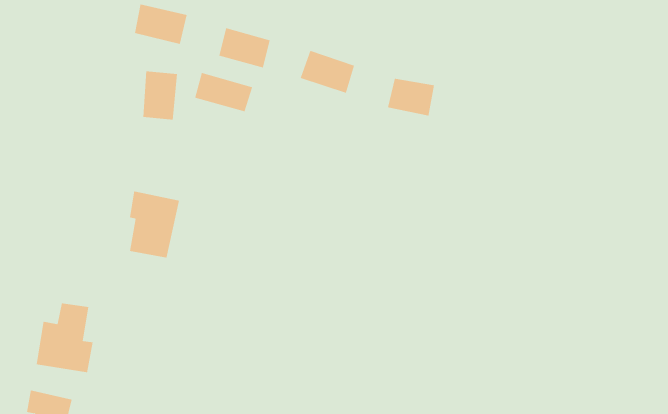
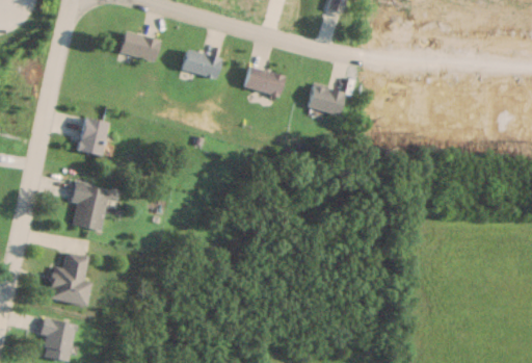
building: [143,71,178,120] -> [81,119,107,155]
building: [195,72,253,112] -> none
building: [129,191,180,258] -> [73,181,110,231]

